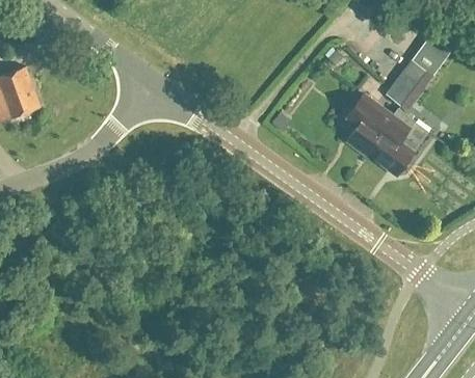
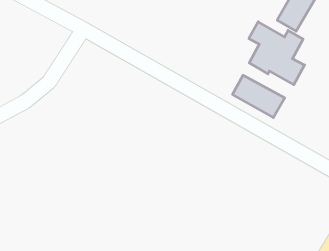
building: none -> [233,75,285,118]

